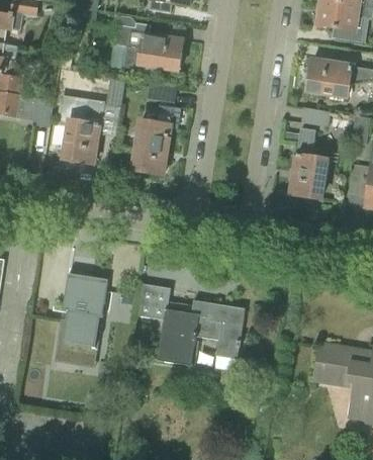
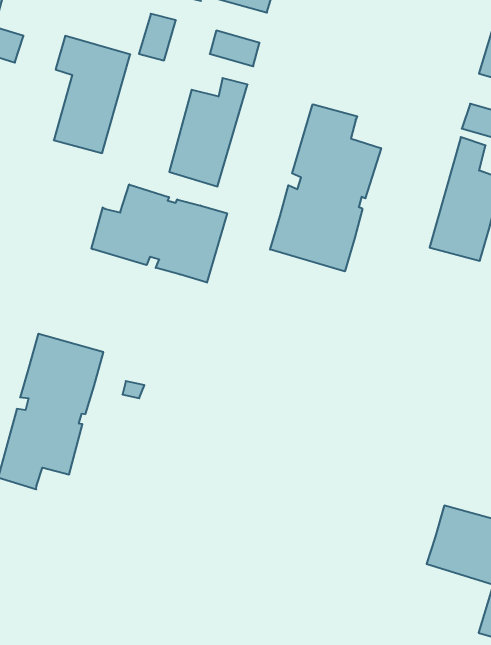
building: none -> [270,104,381,271]
building: none -> [91,184,227,283]
building: [137,284,245,365] -> none

